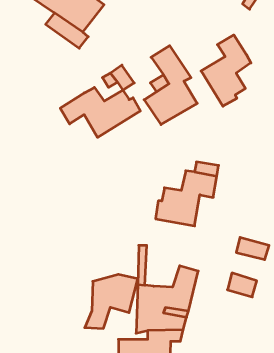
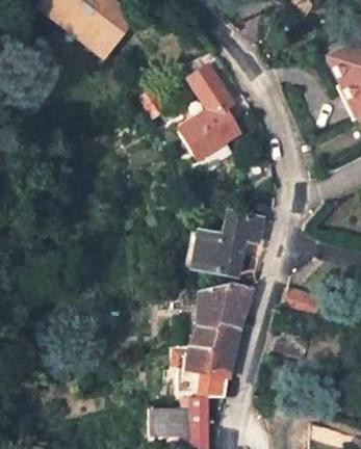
building: [201,35,251,106] -> none
building: [60,87,140,137] -> none
building: [85,274,138,328] -> [189,284,252,347]

